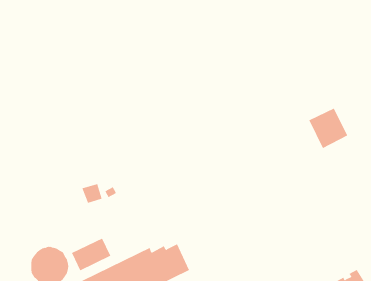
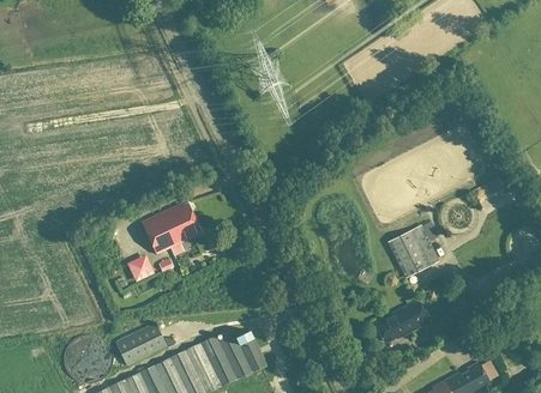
building: [308,108,348,149] -> [387,225,438,277]
building: none -> [140,200,200,253]
building: none -> [374,300,427,340]

